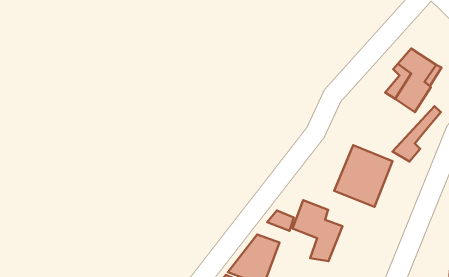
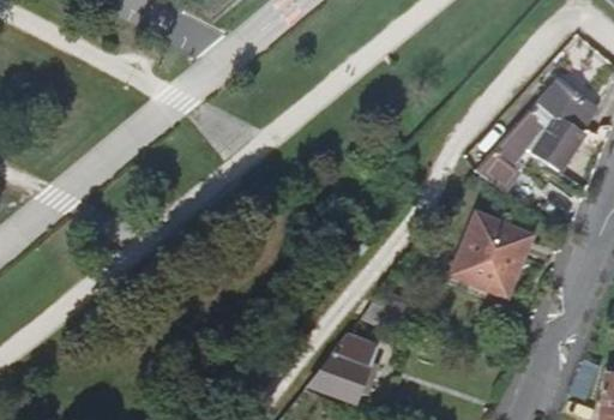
building: [393,106,441,161] -> [475,112,540,186]
building: [292,200,343,261] -> none

